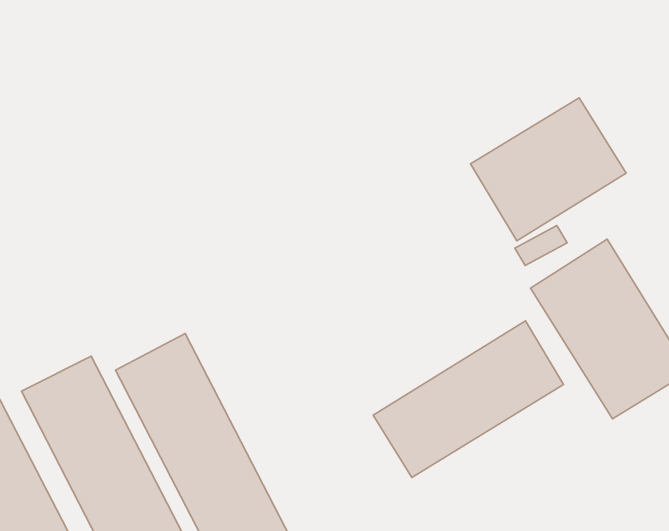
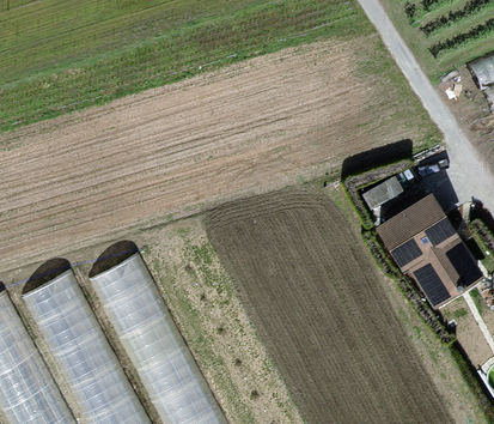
building: [470,98,626,241] -> none
building: [373,321,563,477] -> none

